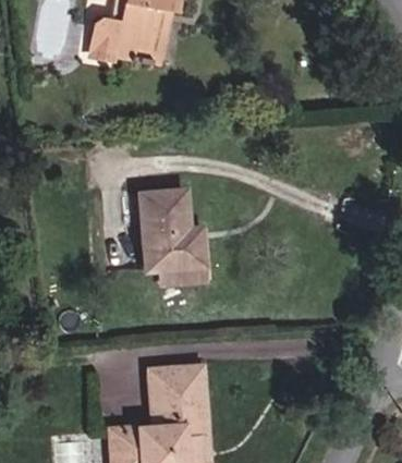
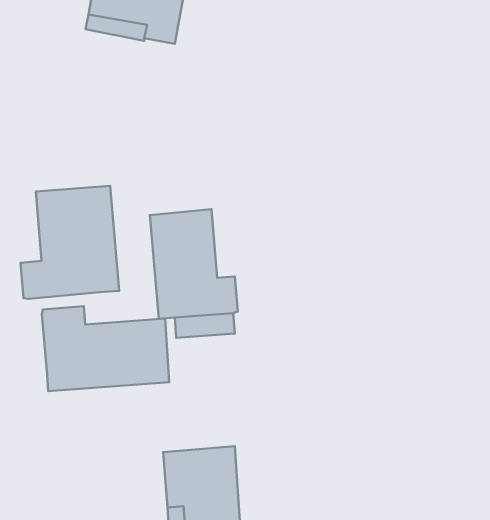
building: none -> [20,186,119,299]
building: none -> [42,306,169,391]

